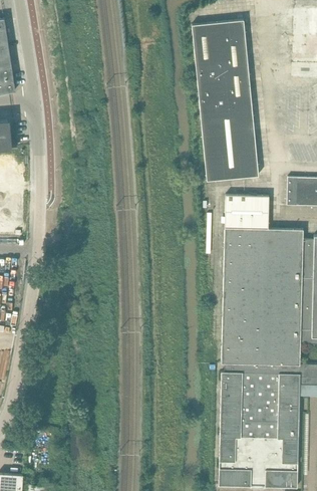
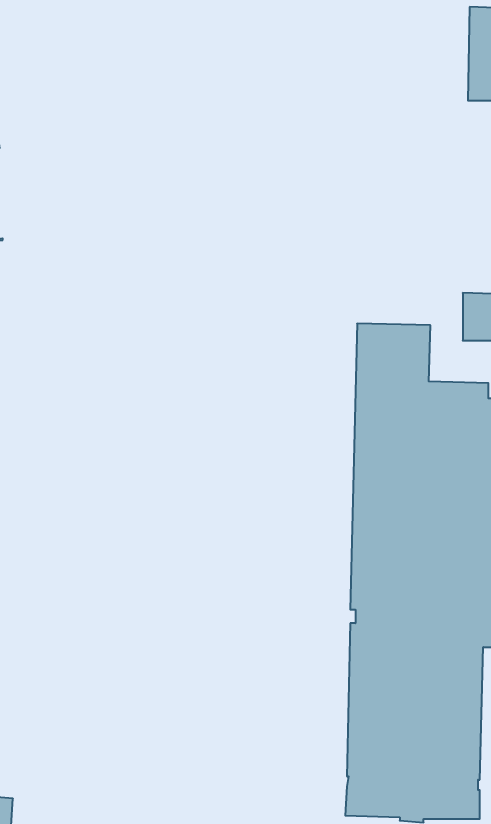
building: [192,19,259,181] -> none

